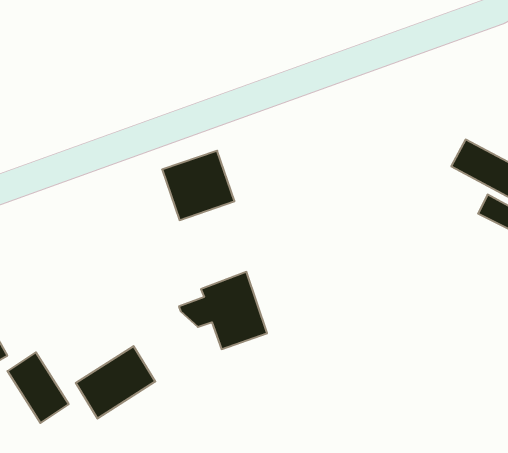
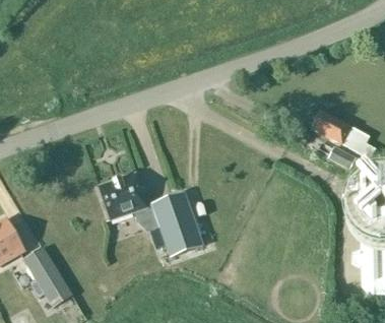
building: [162,151,235,220] -> [101,175,147,219]
building: [76,346,155,419] -> none

